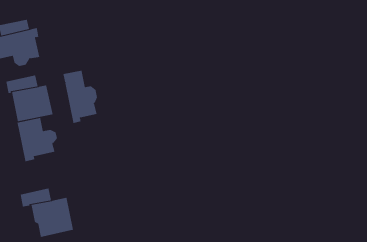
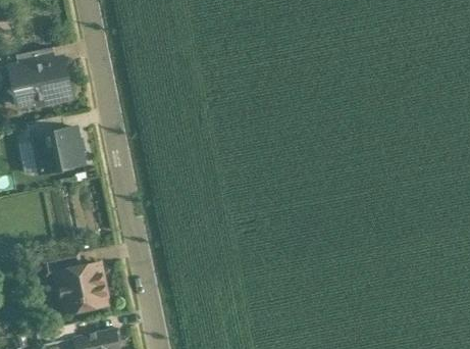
building: [63,70,98,124] -> none
building: [17,117,57,162] -> none

